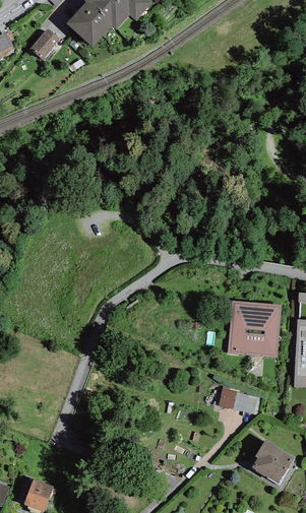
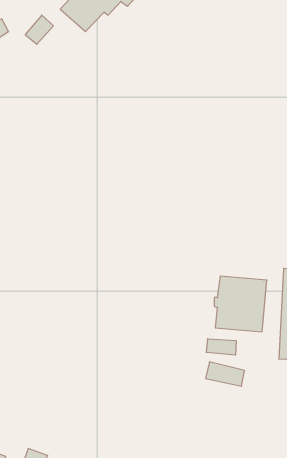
building: none -> [206,339,236,355]
building: [251,440,294,484] -> none

